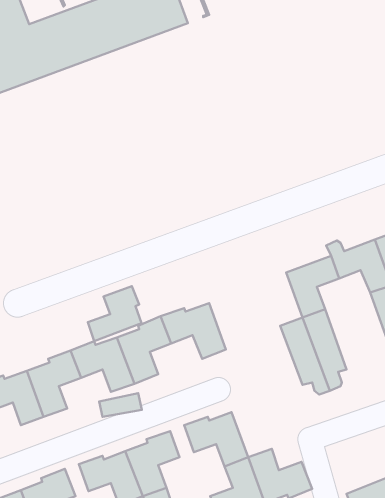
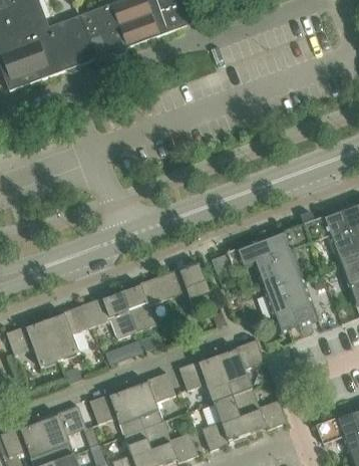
building: none -> [228,237,280,282]
building: [88,286,141,341] -> none
building: none -> [220,338,265,394]

